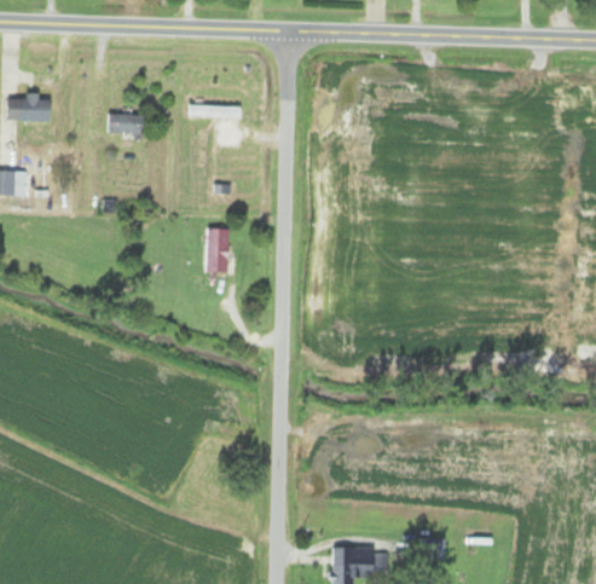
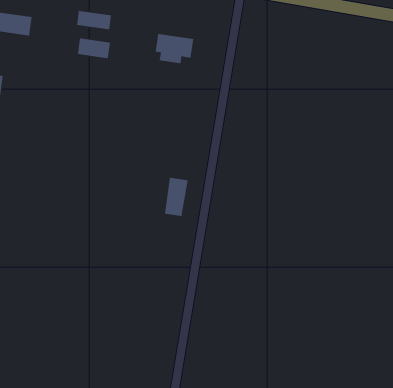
building: none -> [76,10,112,30]
building: [207,230,230,273] -> [164,177,189,216]

